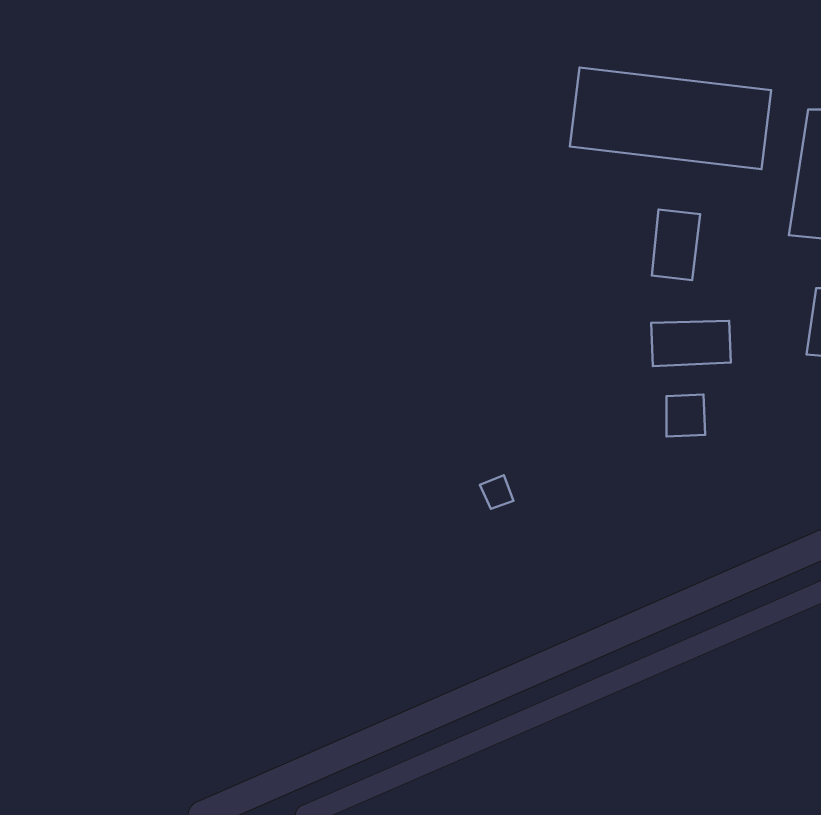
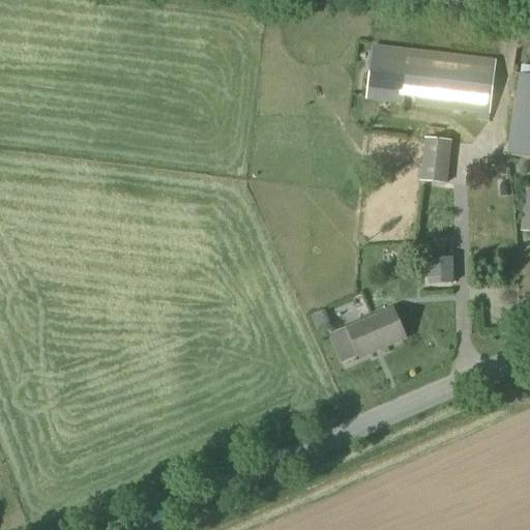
building: [651,321,731,366] -> none
building: none -> [331,304,406,358]

